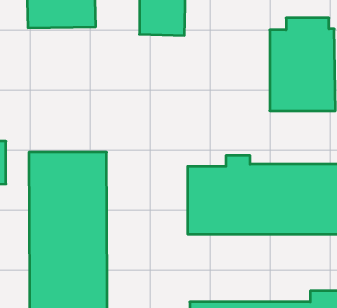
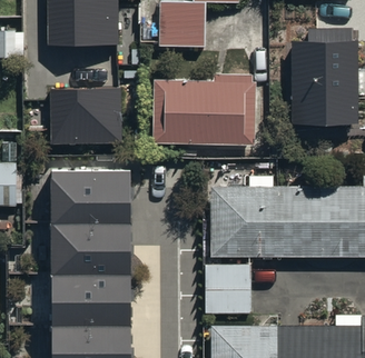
building: none -> [152,73,254,145]
building: none -> [50,91,119,146]
building: none -> [205,263,250,314]

